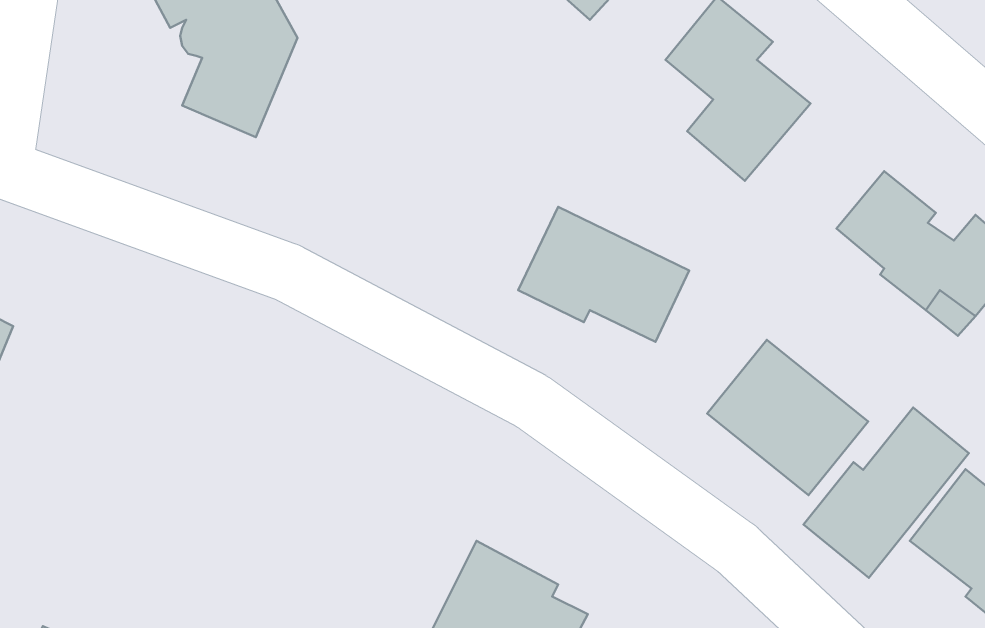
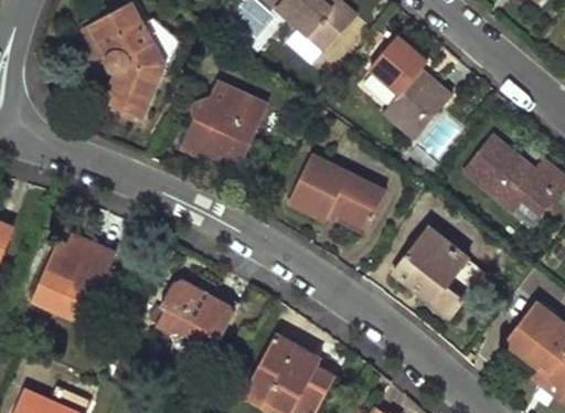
building: none -> [181,84,267,165]
building: none -> [29,229,114,310]
building: [803,407,969,578] -> none
building: none -> [150,274,235,352]

